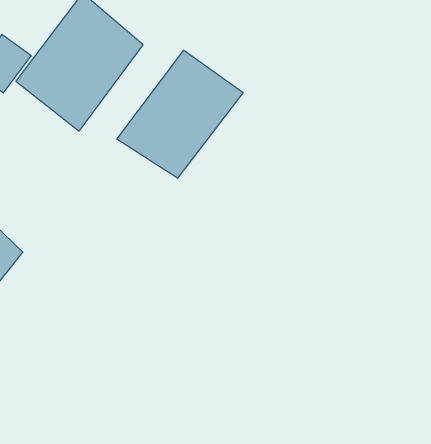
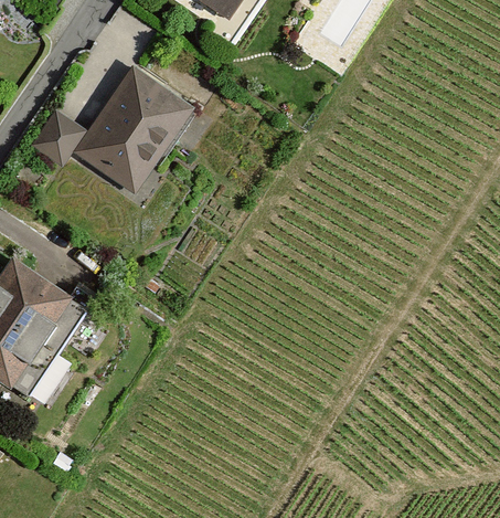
building: [117,50,243,178] -> none

